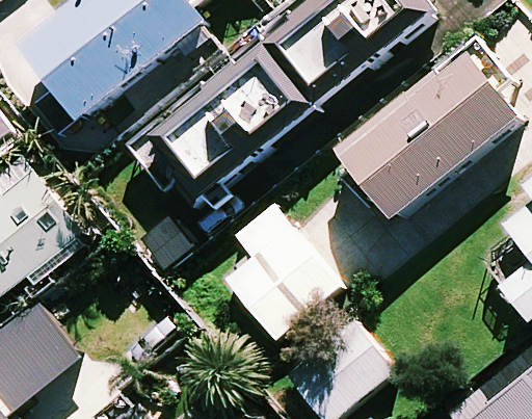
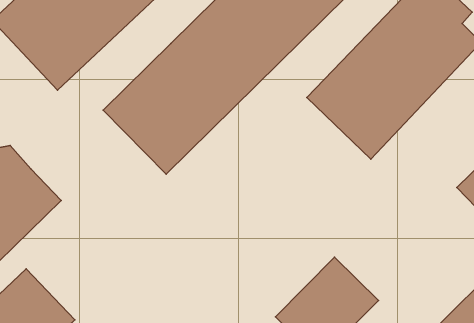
building: [223,206,335,340] -> none

